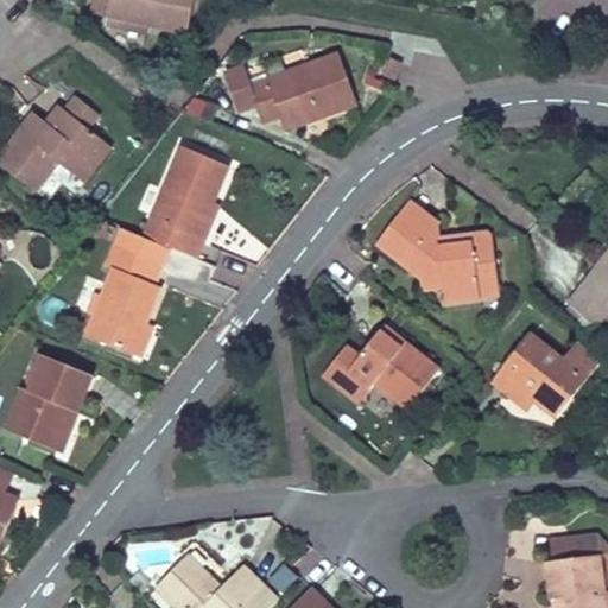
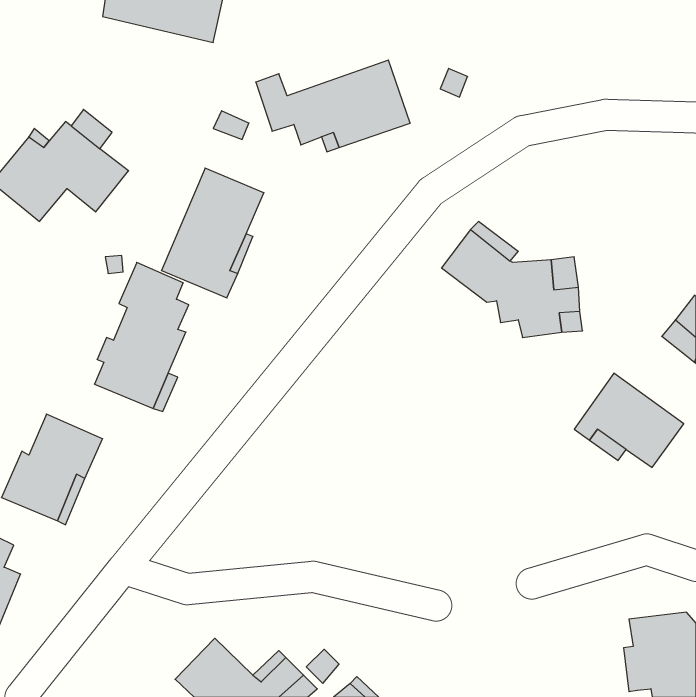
building: [319,324,439,411] -> none

